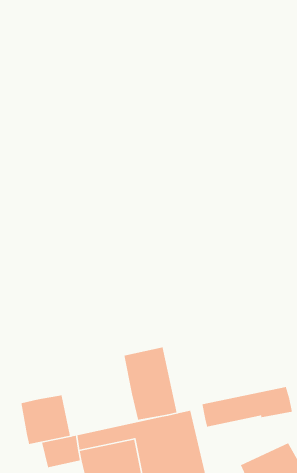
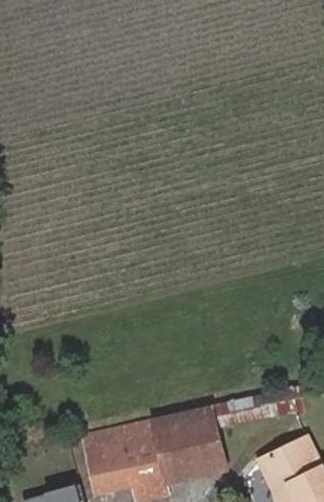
building: [123,346,178,421] -> none
building: [21,395,71,445] -> none

